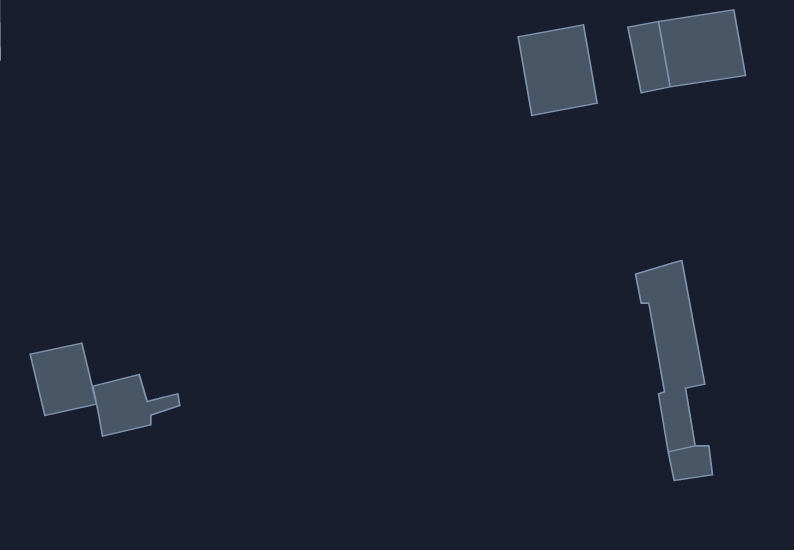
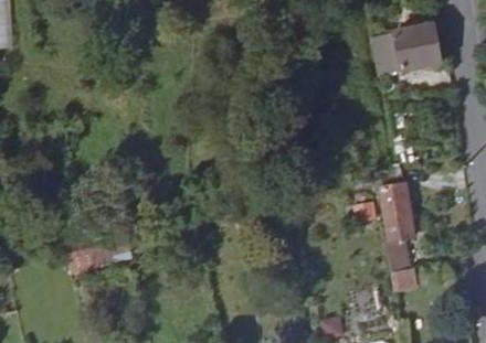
building: [518,25,597,116] -> none
building: [30,343,97,415] -> none

